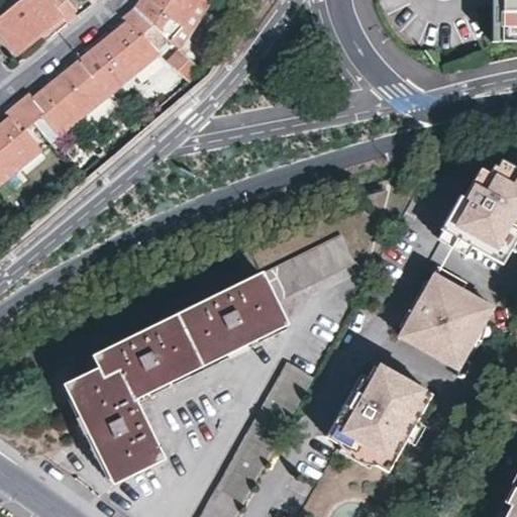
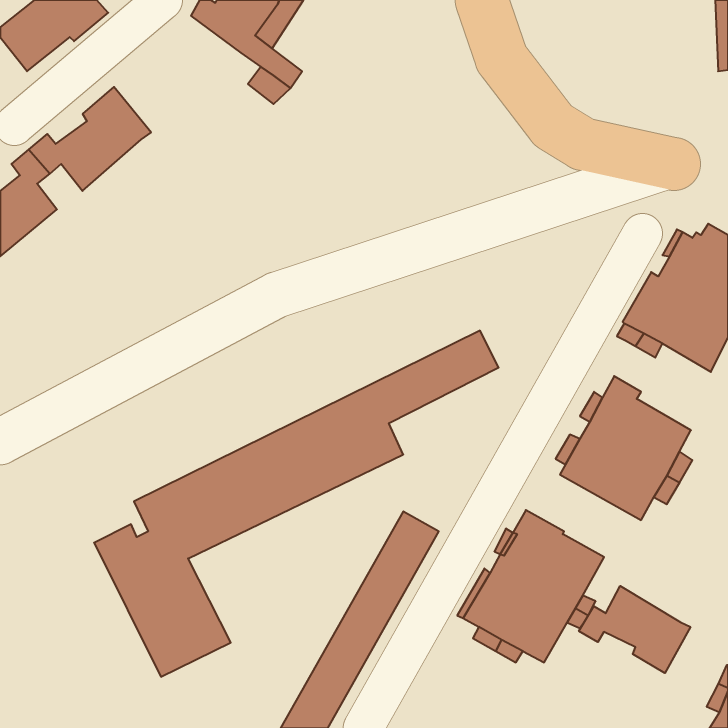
building: [81,11,171,94] -> none
building: none -> [579,586,690,673]

